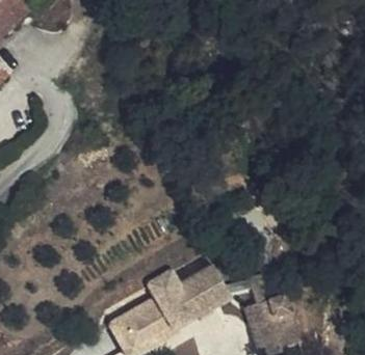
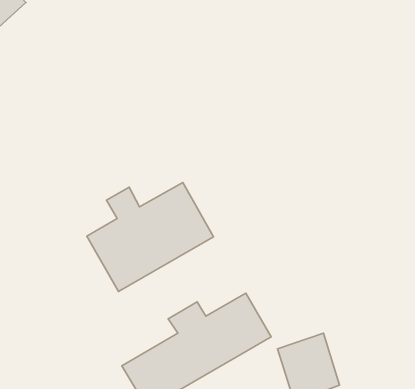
building: none -> [87,182,214,292]

